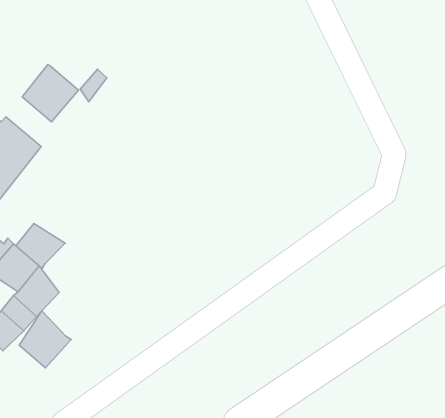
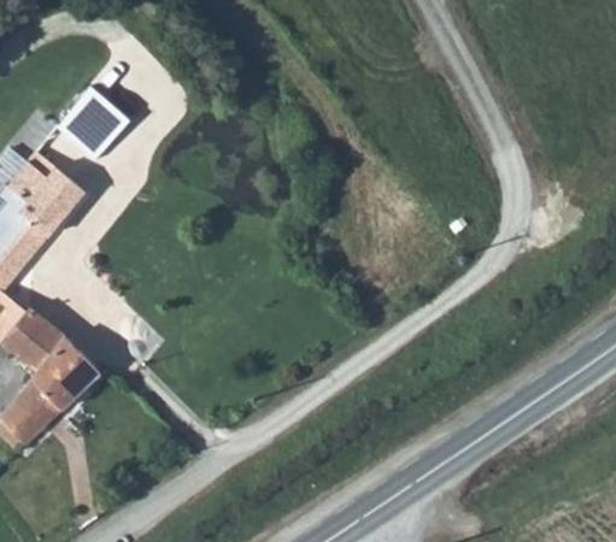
building: [16,223,65,268] -> none
building: [19,311,71,368] -> none

